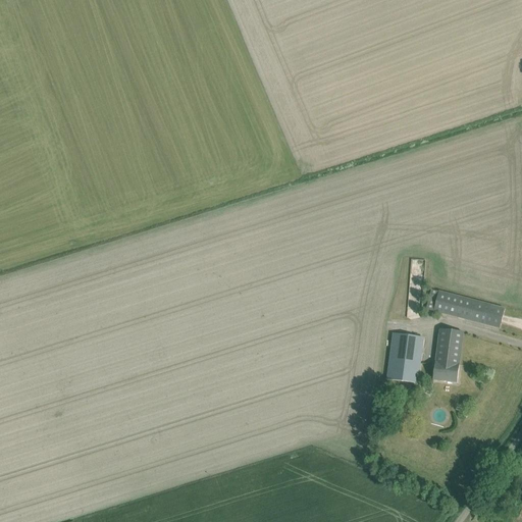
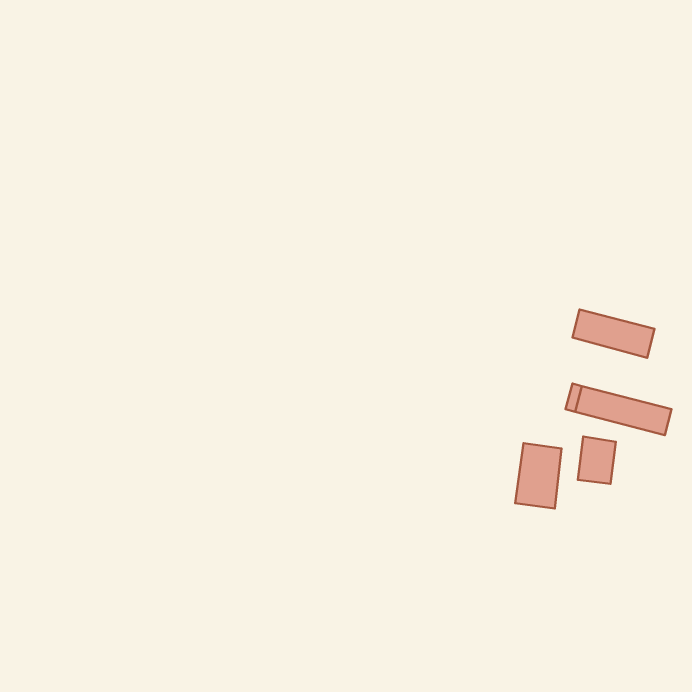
building: none -> [572,309,654,358]
building: [431,360,458,381] -> none

